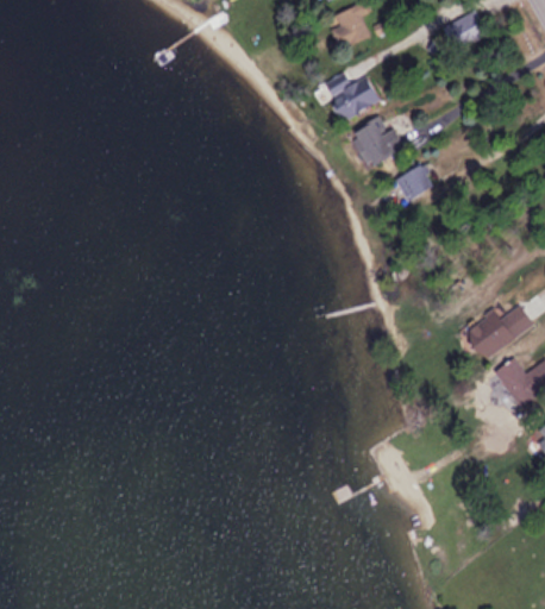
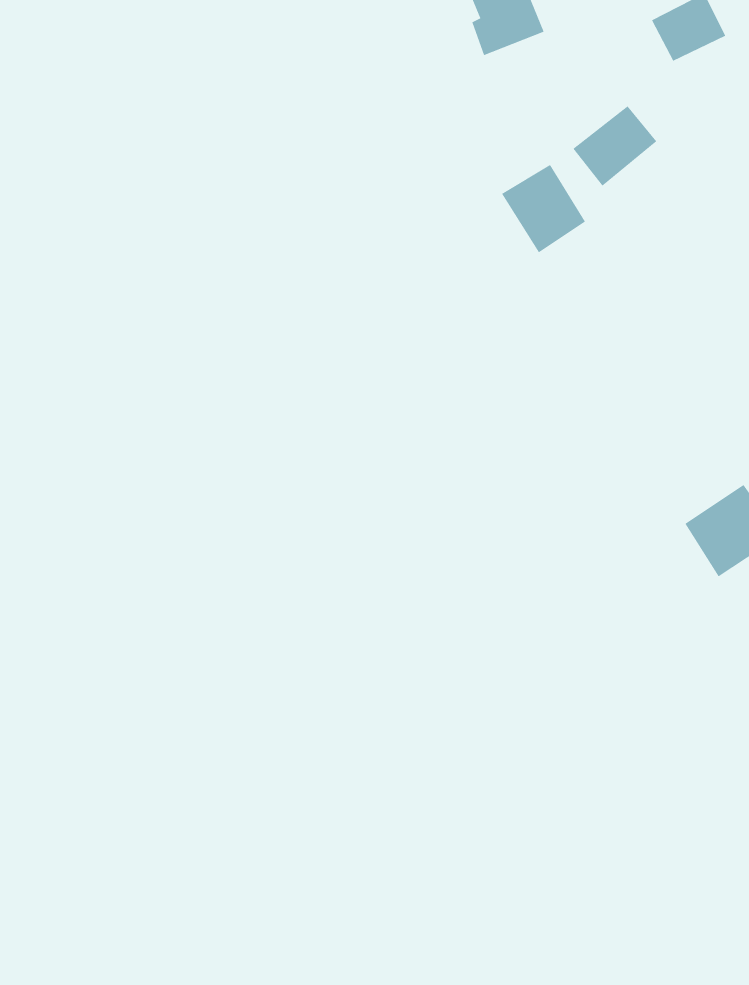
building: [327,75,378,124] -> [572,106,657,186]
building: [393,162,432,201] -> none

